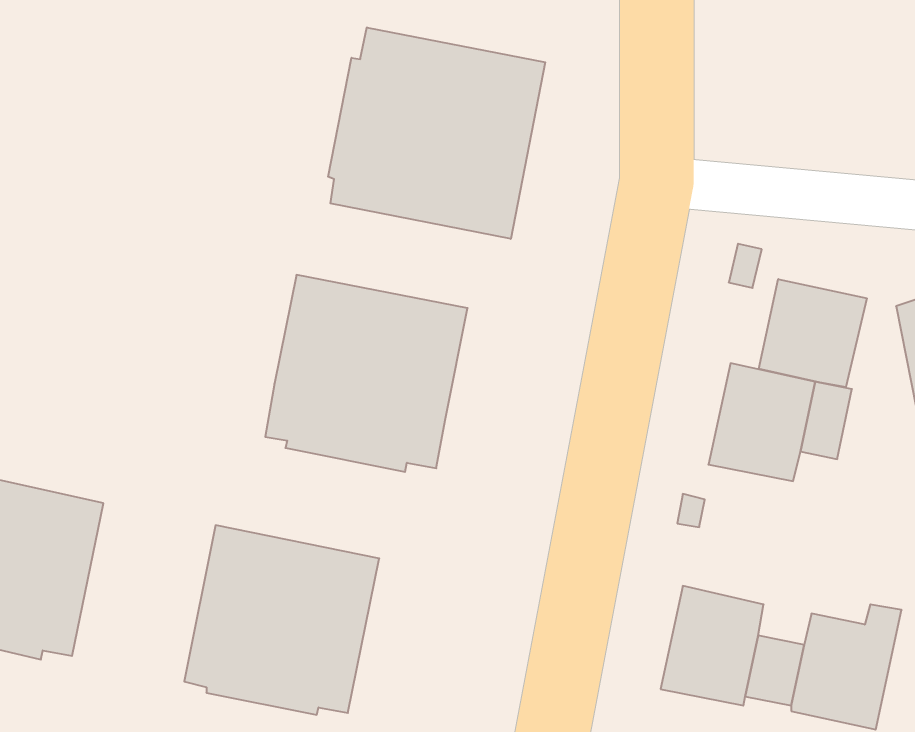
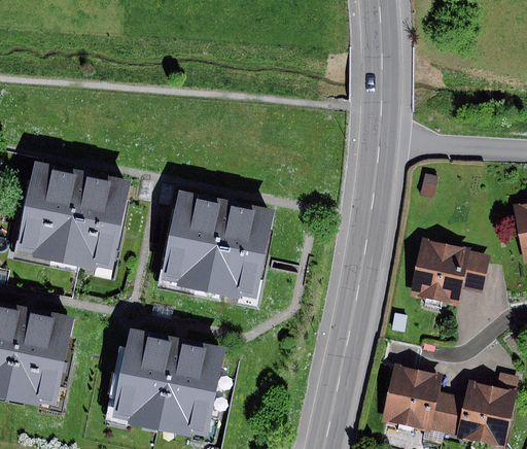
building: [328,27,545,239] -> none
building: none -> [24,171,127,270]
building: [759,279,867,387] -> none

